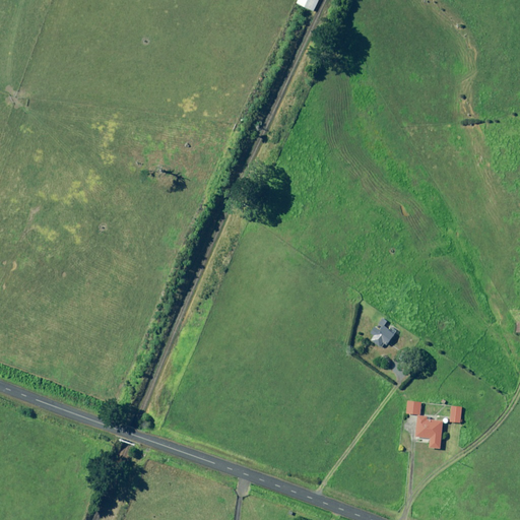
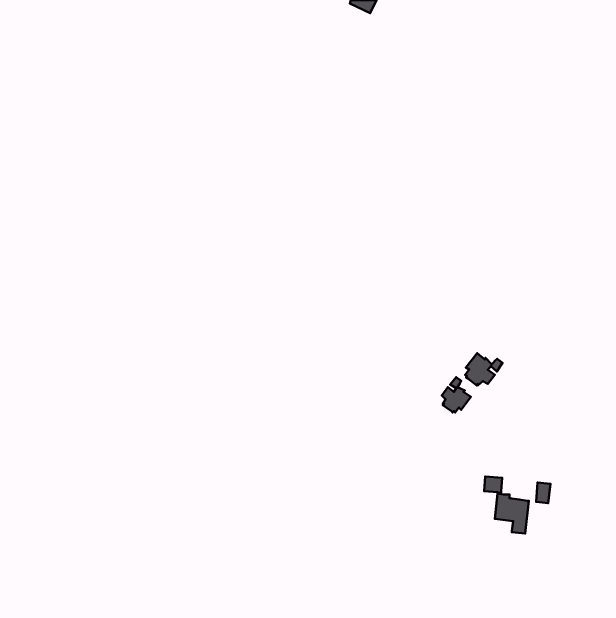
building: none -> [465,353,503,386]

